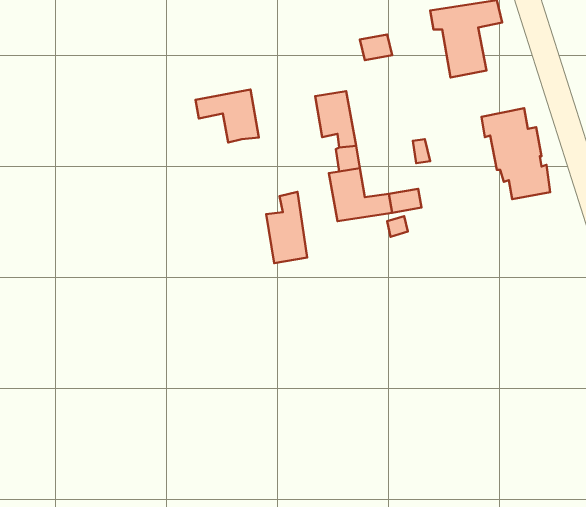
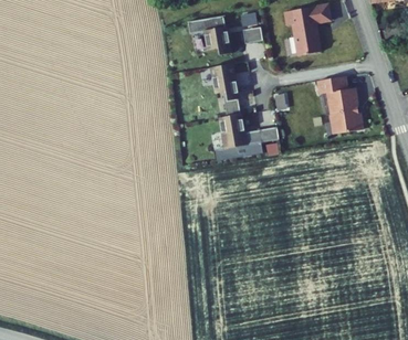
building: [196,89,259,143] -> [188,15,229,50]
building: [266,192,307,263] -> none

